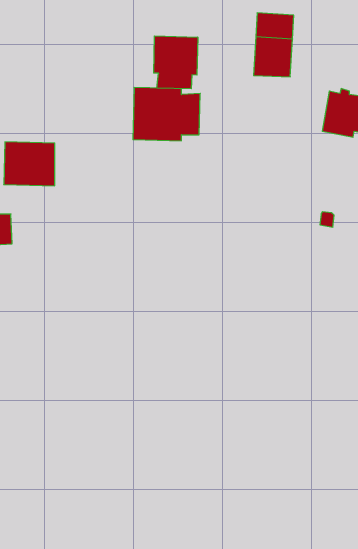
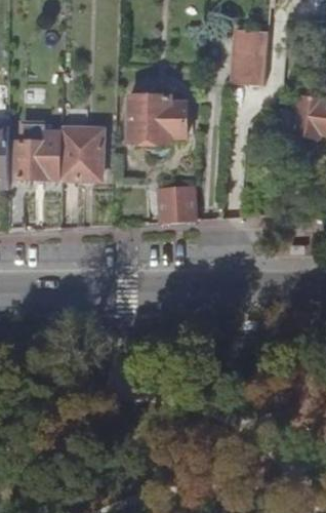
building: [154,36,198,89] -> none
building: none -> [59,128,101,180]
building: none -> [158,186,196,222]

